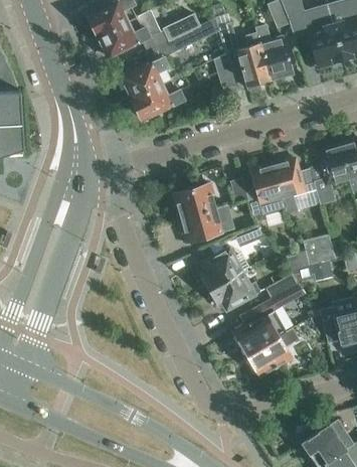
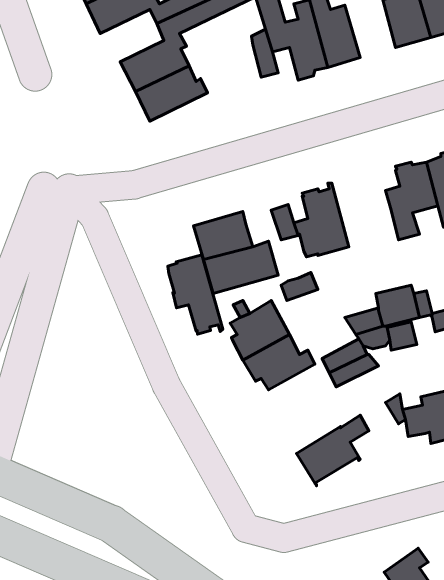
building: [273,157,315,212] -> none
building: none -> [168,255,223,334]
building: [234,313,279,354] -> none

